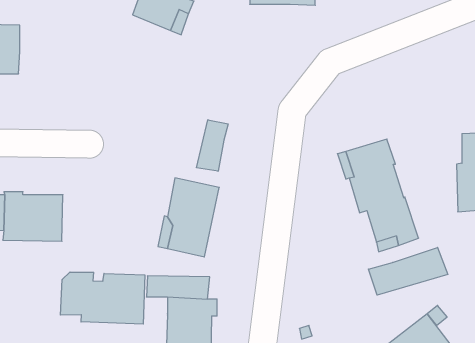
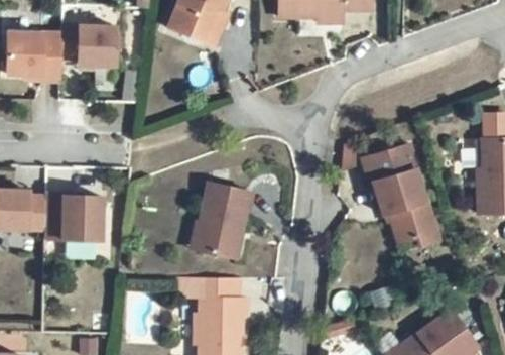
building: none -> [59,25,114,66]
building: [197,120,228,171] -> none
building: [368,247,448,295] -> none
building: [61,272,145,324] -> none

